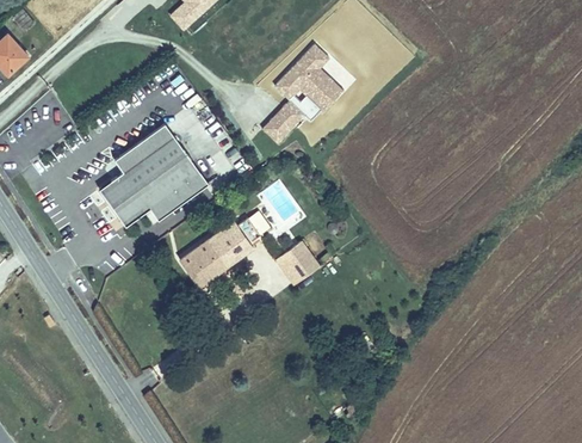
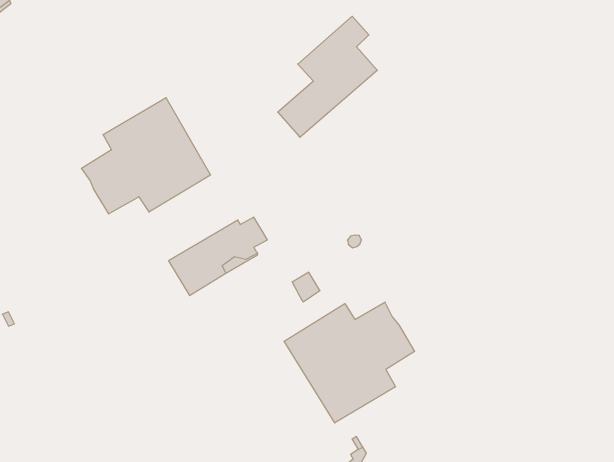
building: [277,241,317,273] -> none
building: none -> [284,302,415,423]

